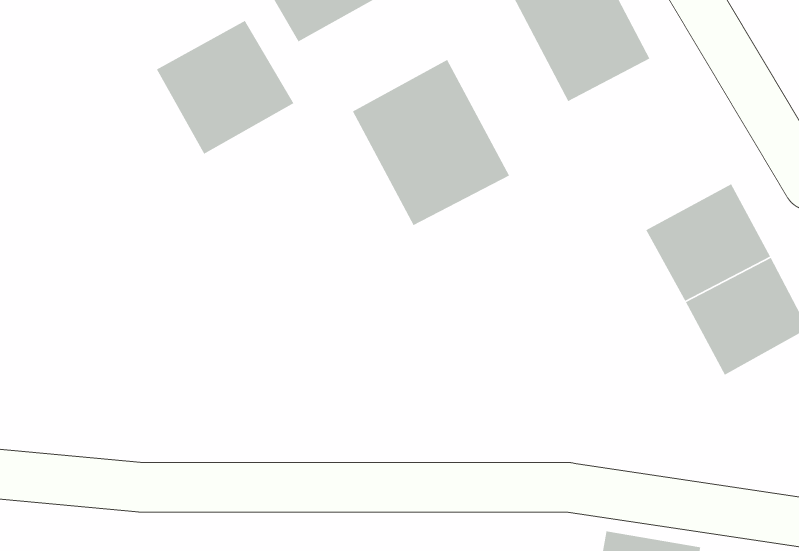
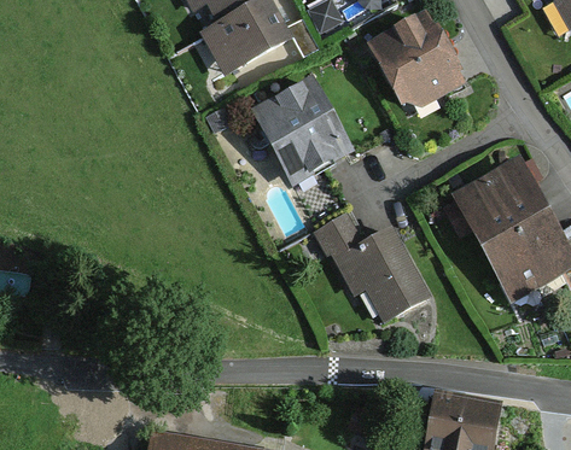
building: [156,20,294,155] -> none
building: none -> [314,211,433,326]

